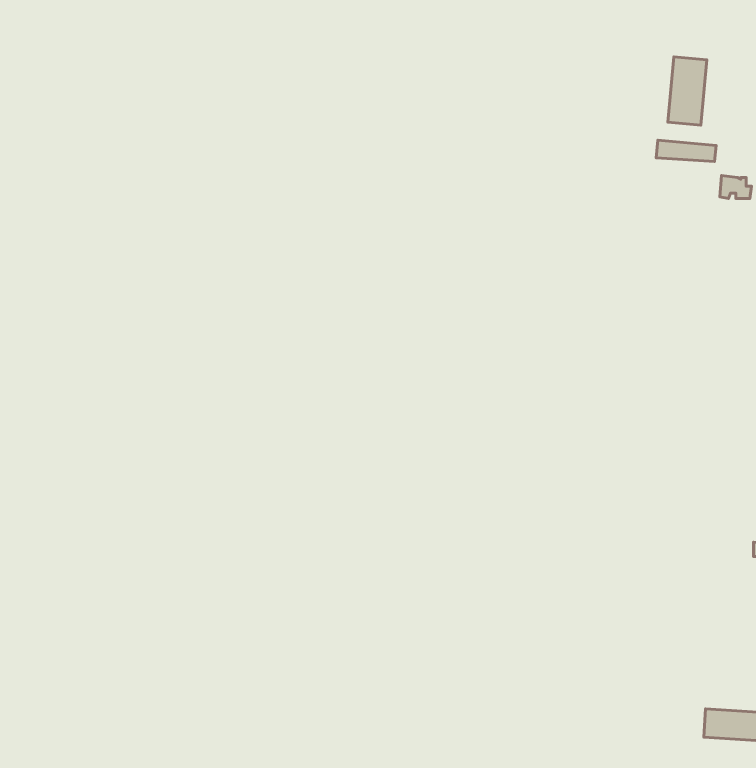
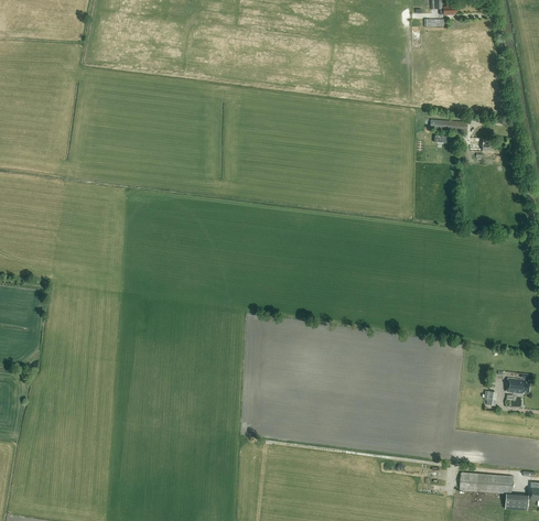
building: [668,57,707,125] -> none

